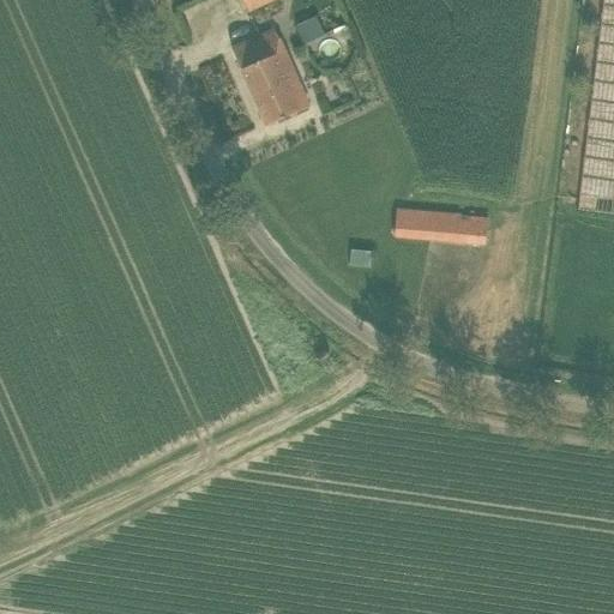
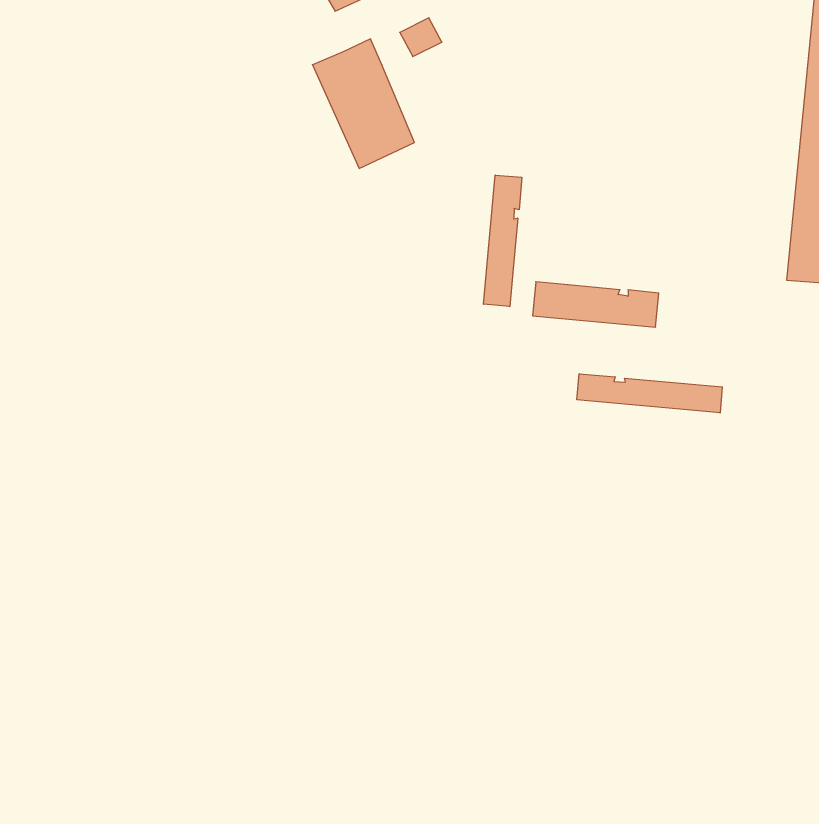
building: none -> [483,175,522,307]
building: none -> [577,374,722,413]

